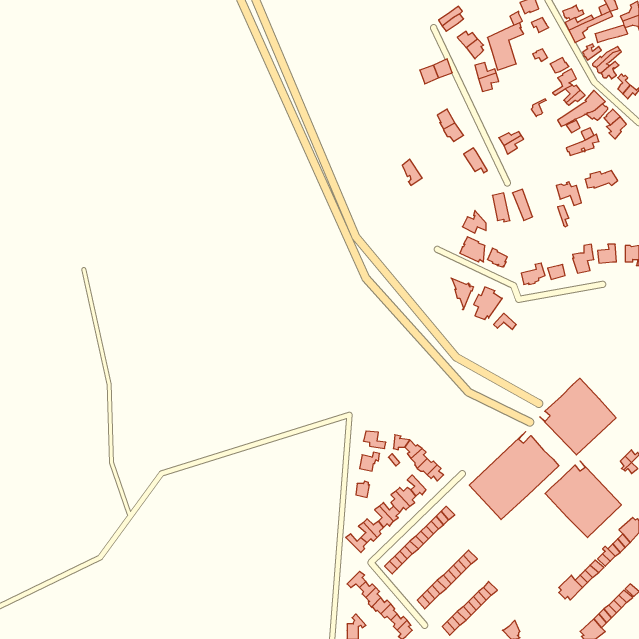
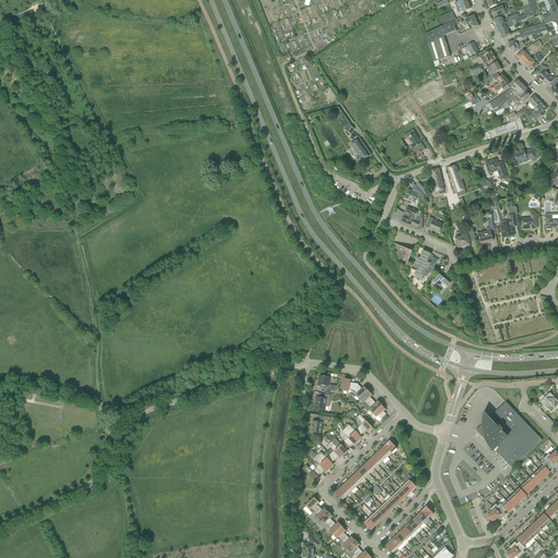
building: [540,378,616,455] -> none
building: [469,432,559,520] -> none

